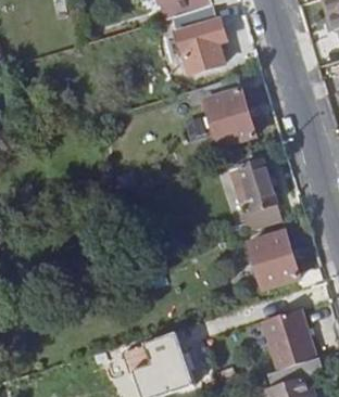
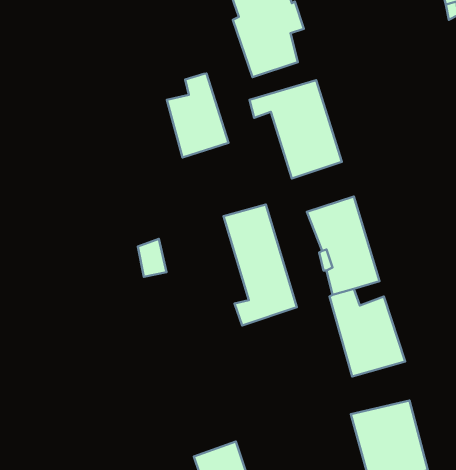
building: none -> [167,73,229,157]
building: none -> [224,205,297,326]

